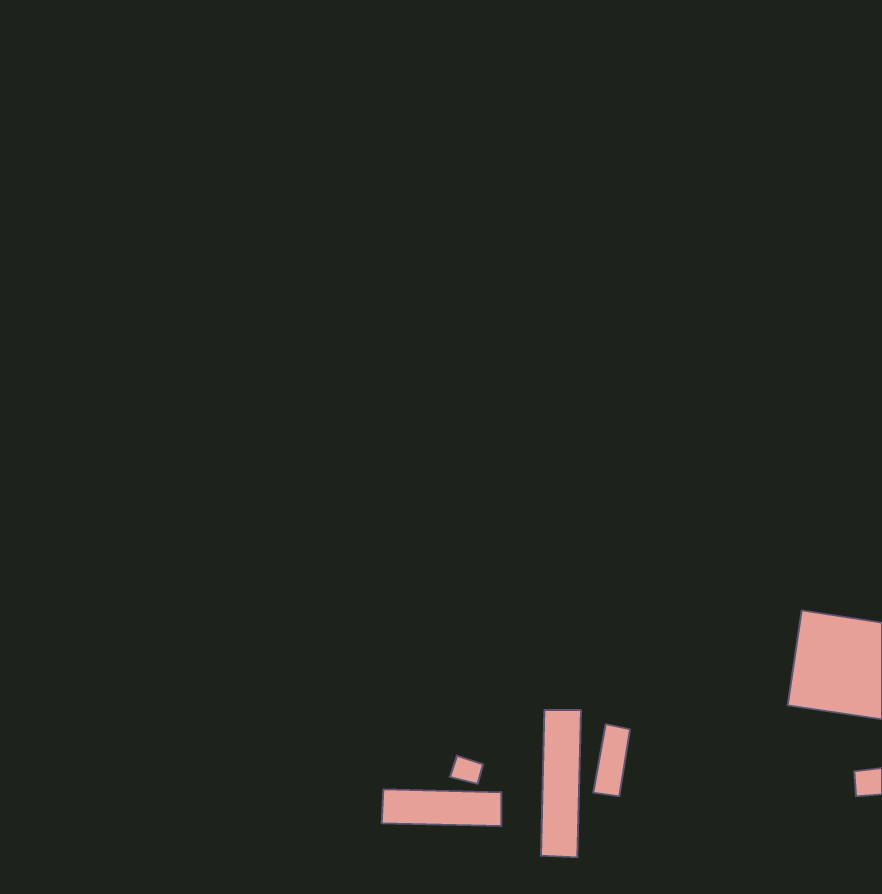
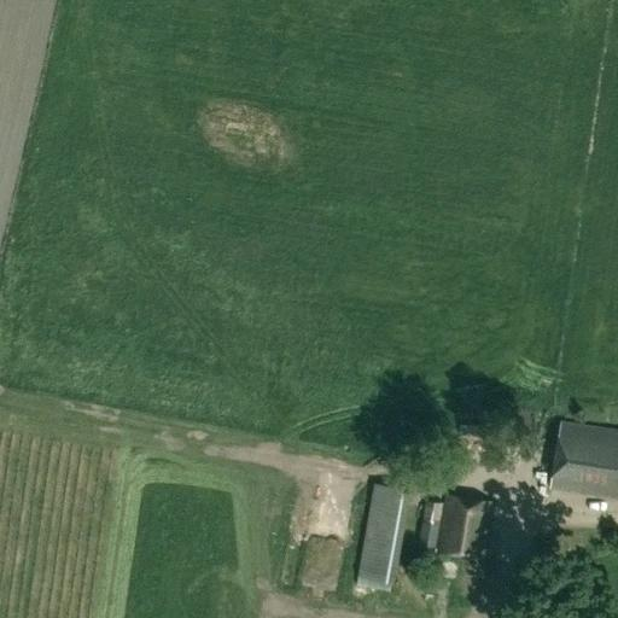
building: none -> [432,492,485,555]
building: [382,789,501,826] -> none

